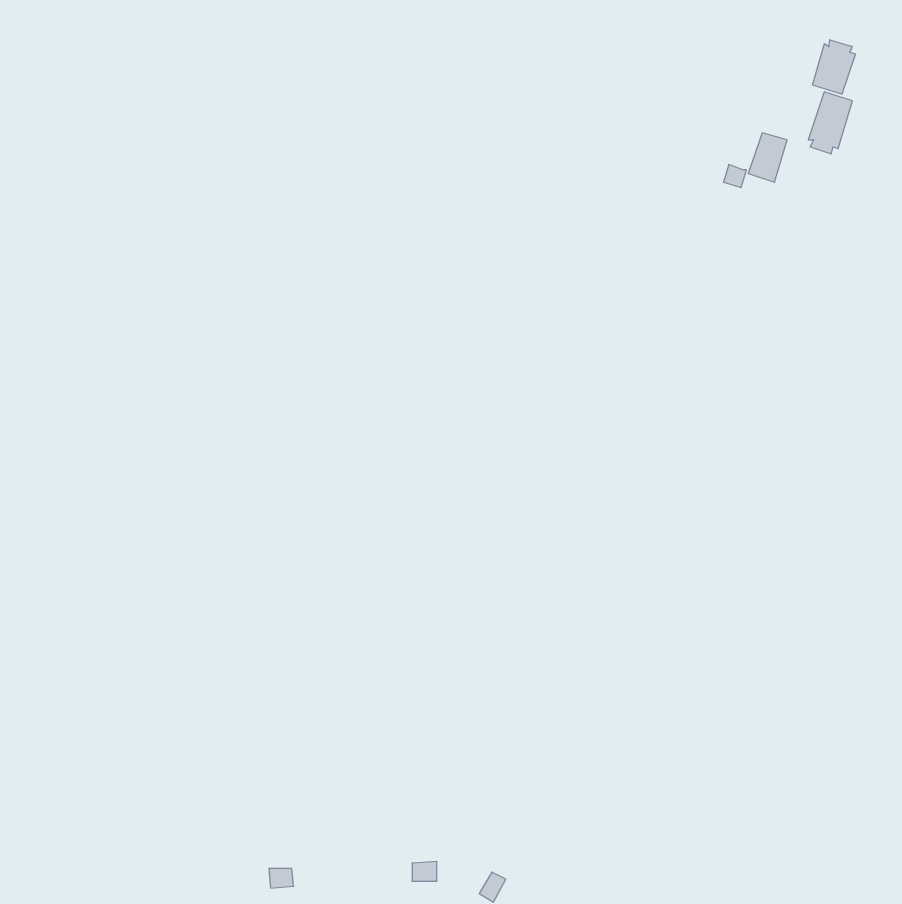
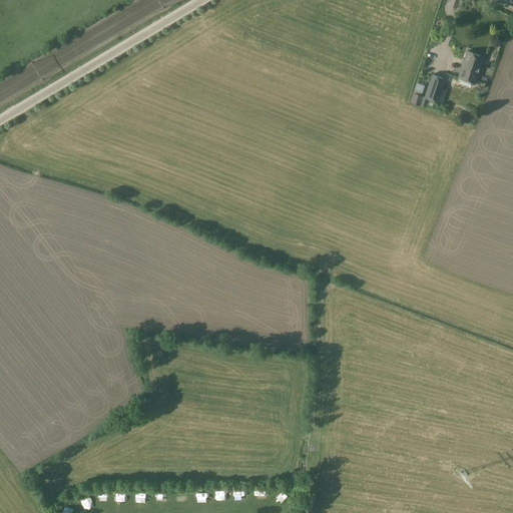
building: [812,40,855,94] -> none

